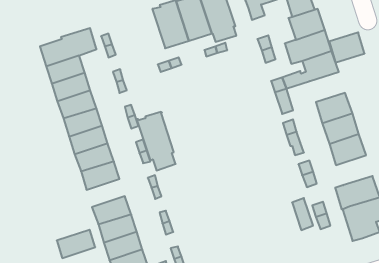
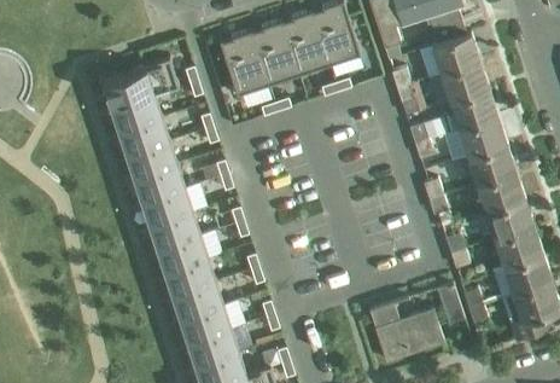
building: [329,32,365,63] -> [459,116,506,156]
building: [136,112,176,170] -> [218,31,270,109]
building: none -> [494,226,542,266]
building: none -> [372,303,443,361]
building: [57,230,95,258] -> [164,257,215,295]

